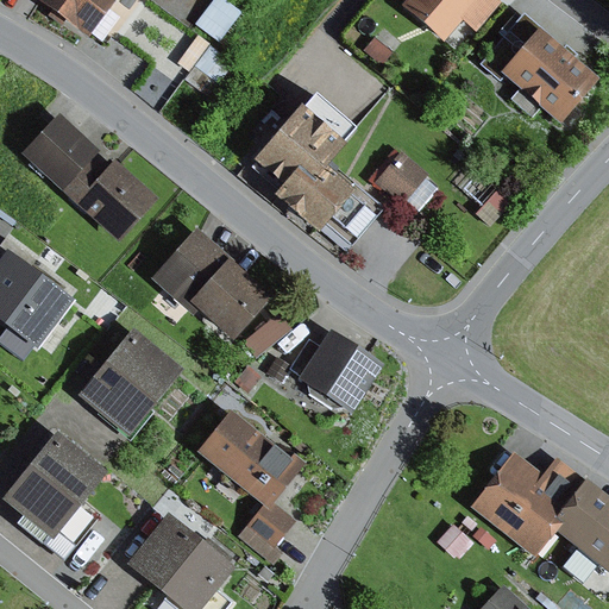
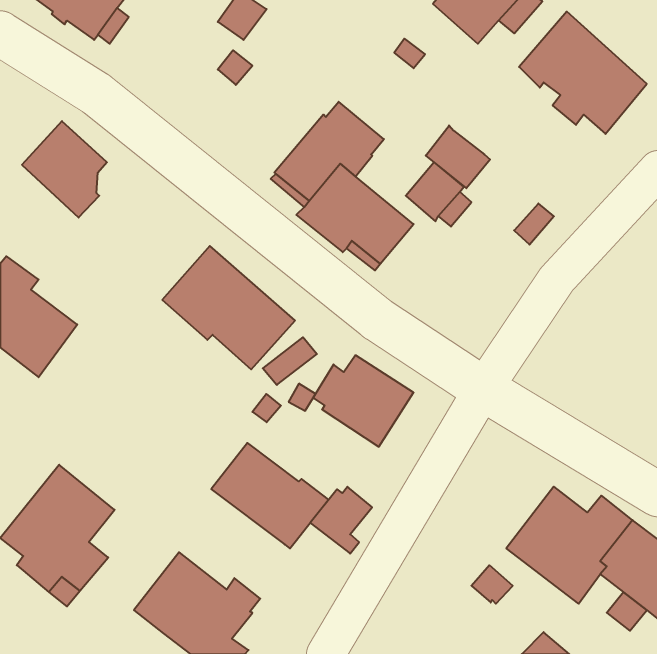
building: none -> [426,125,490,188]
building: [74,158,157,240] -> none
building: [80,327,183,434] -> none
building: [239,501,296,563] -> [310,487,372,554]

